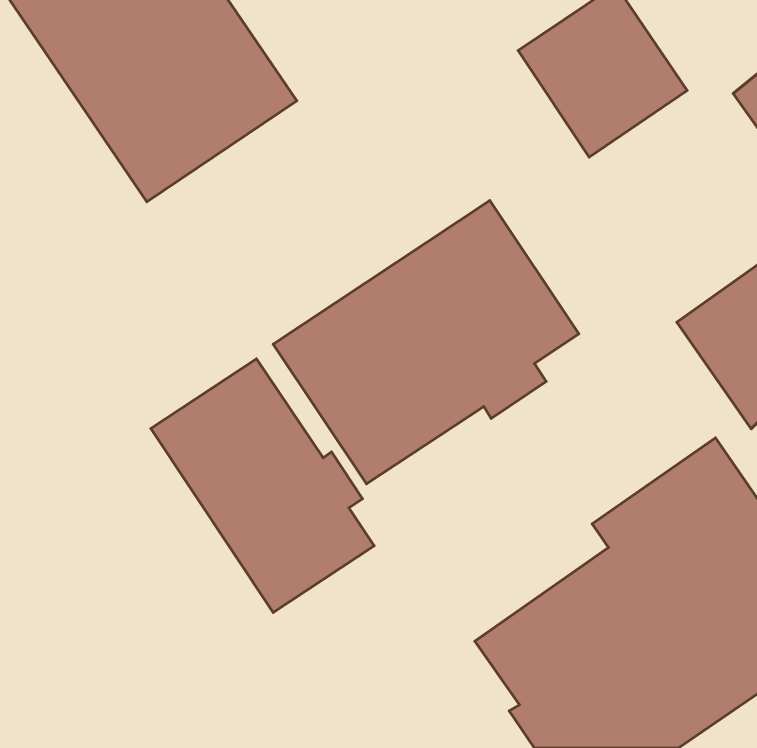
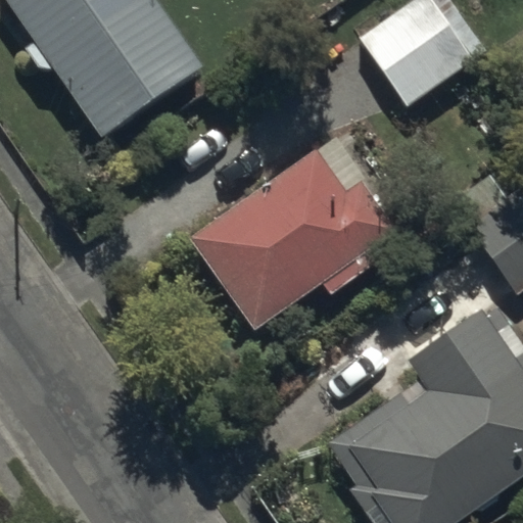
building: [151,359,374,613] -> none

